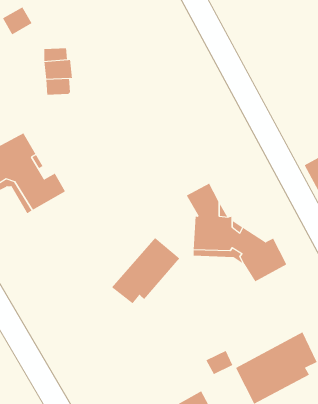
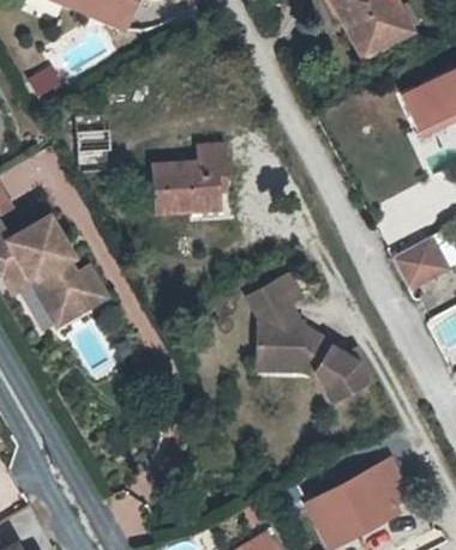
building: none -> [154,144,229,216]
building: [111,237,180,304] -> none

